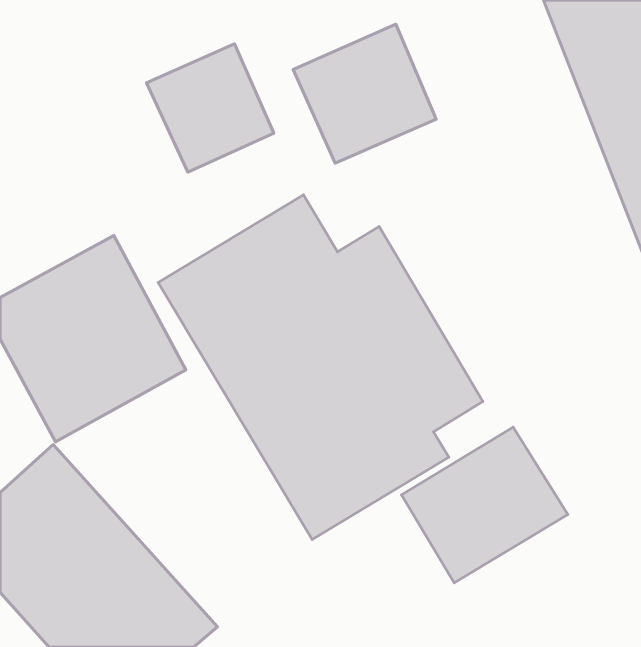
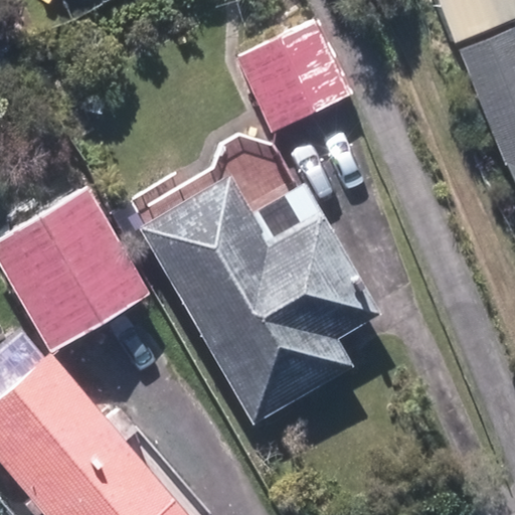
building: [147,44,274,172] -> none
building: [402,427,568,583] -> none

